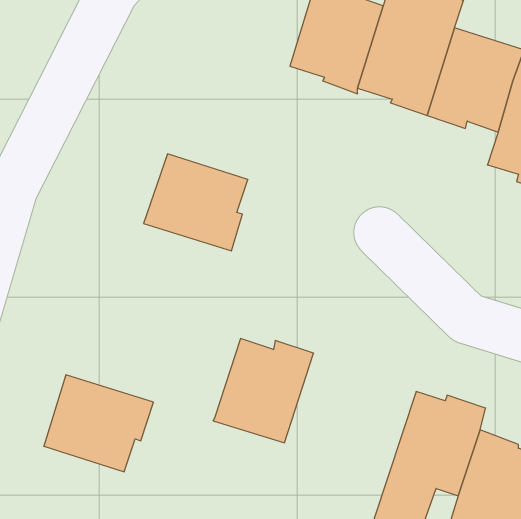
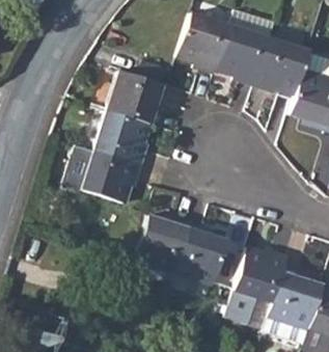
building: none -> [106,72,167,126]
building: none -> [172,224,226,288]
building: [44,375,153,472] -> [80,151,142,206]

